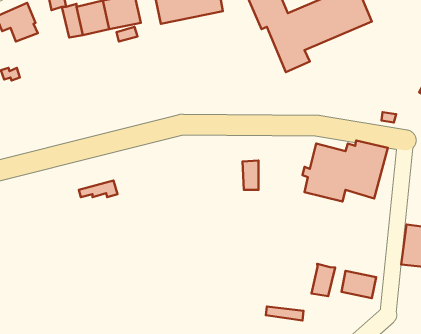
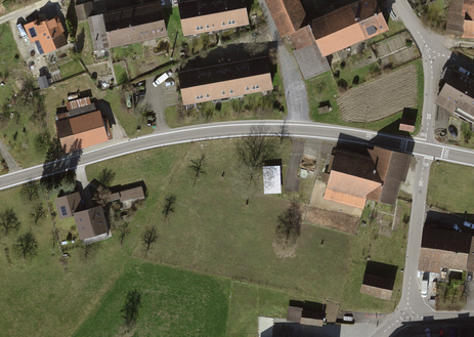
building: none -> [177,55,272,106]
building: none -> [53,97,115,153]
building: none -> [52,192,107,243]
building: [312,264,335,296] -> none

